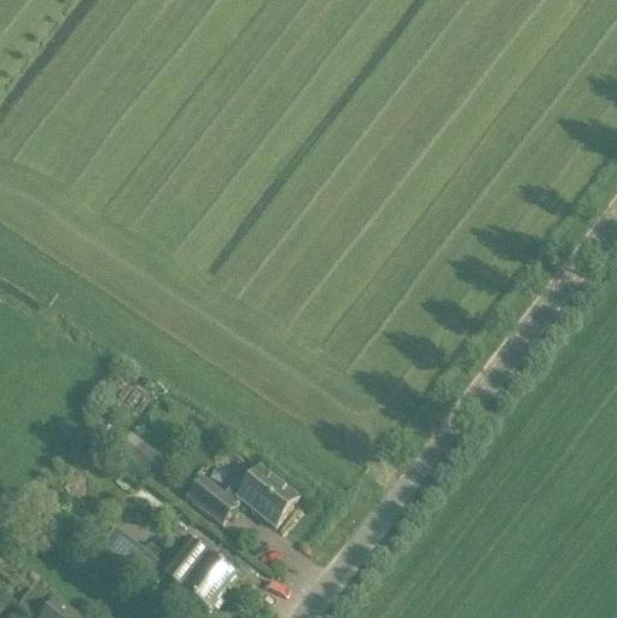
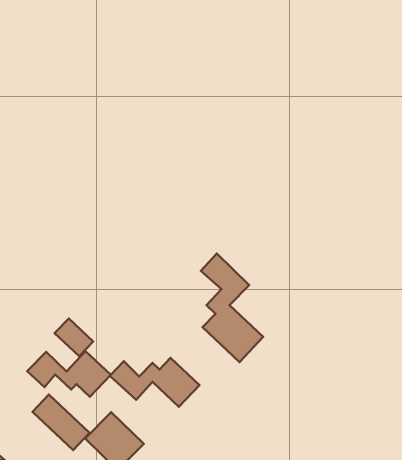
building: none -> [201,253,263,362]
building: none -> [27,351,111,397]

